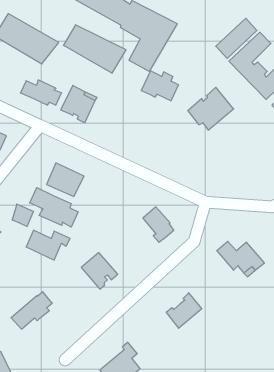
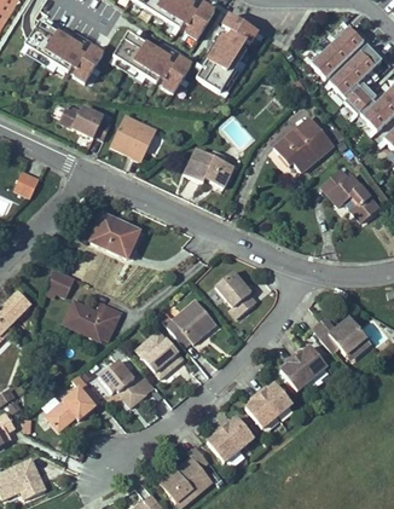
building: [141,71,179,101] -> [184,149,232,187]
building: none -> [323,169,377,221]
building: [30,188,78,227] -> none
building: none -> [164,299,216,343]
building: none -> [279,345,326,389]
building: none -> [99,360,155,406]
building: none -> [207,416,254,462]

